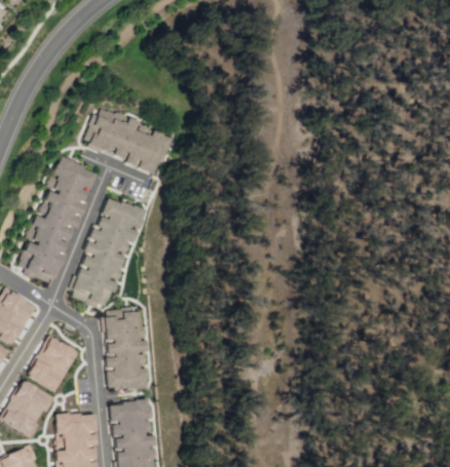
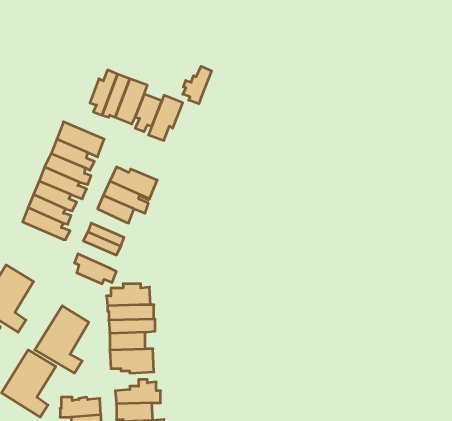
building: none -> [183,66,212,104]
building: [86,238,126,267] -> none
building: [16,250,61,281] -> none
building: [74,268,119,294] -> none

